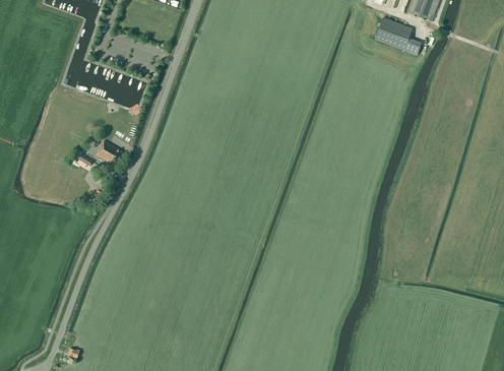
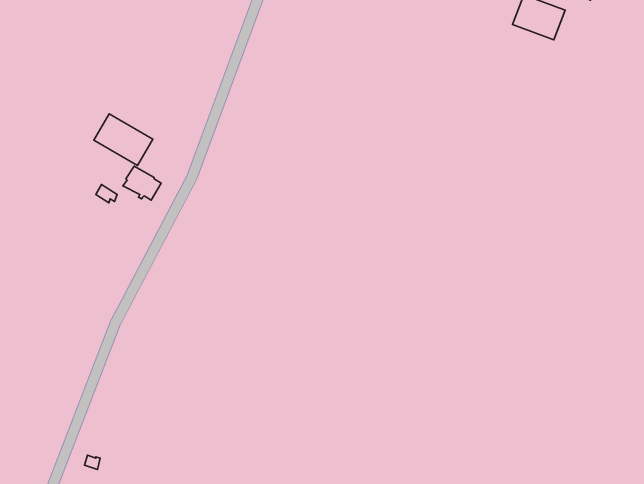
building: none -> [94,114,153,166]

